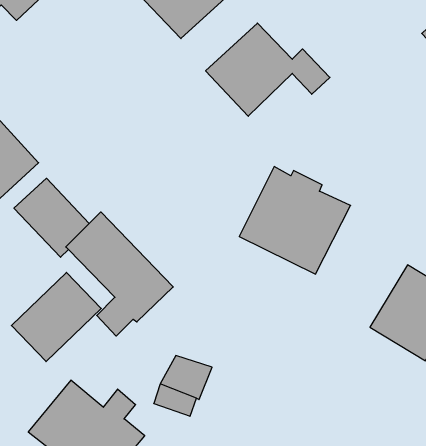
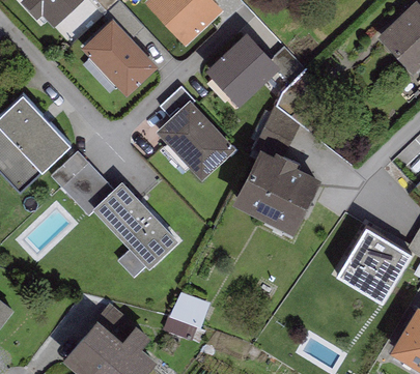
building: none -> [80,21,158,98]
building: none -> [156,102,235,181]
building: [11,272,101,362] -> none

